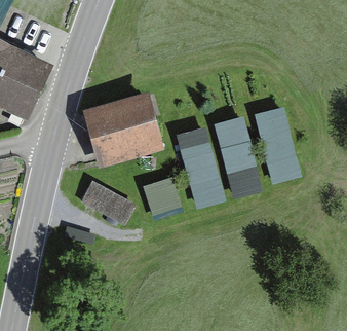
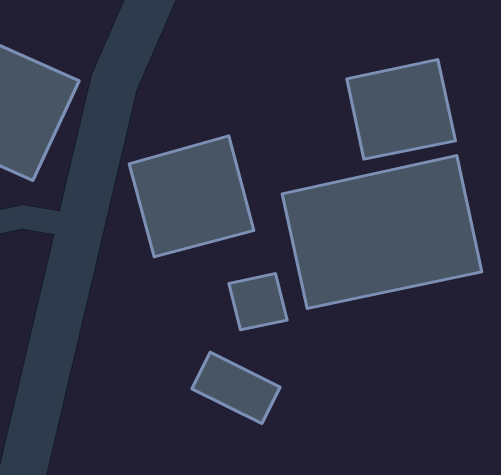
building: none -> [347,60,455,159]
building: [80,181,134,225] -> [192,352,280,424]

